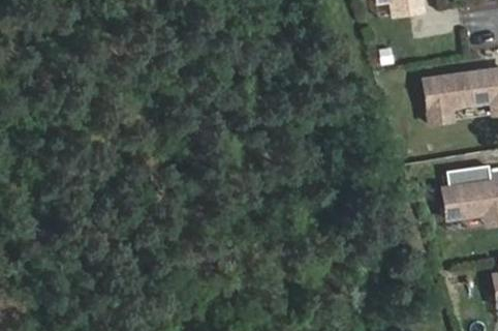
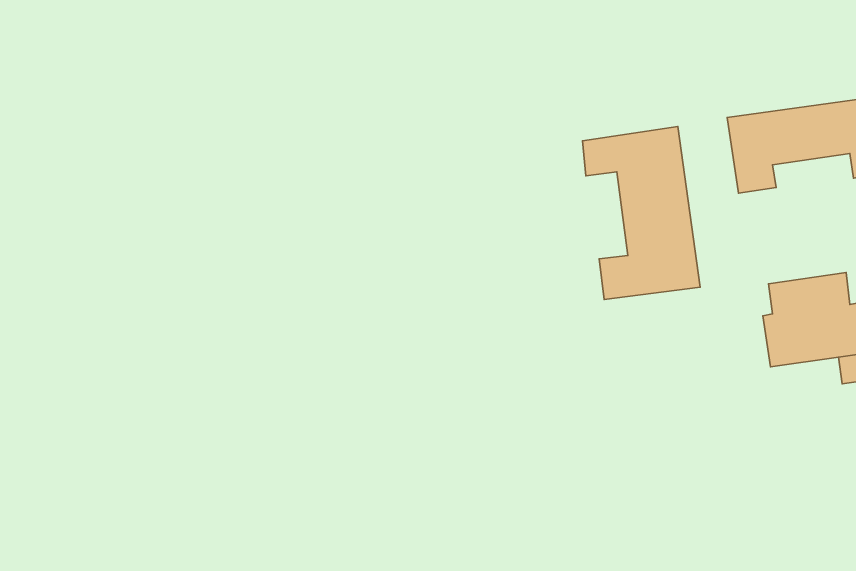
building: none -> [582,126,700,300]

